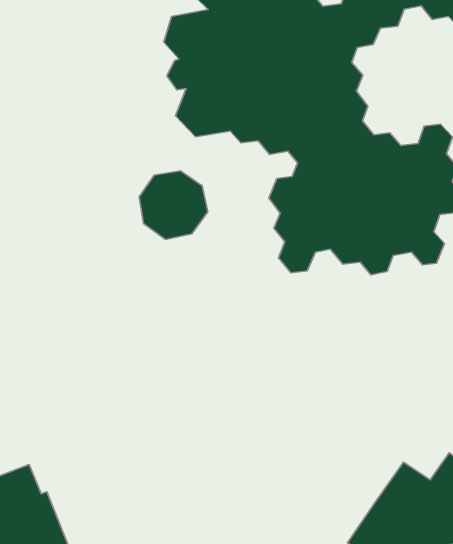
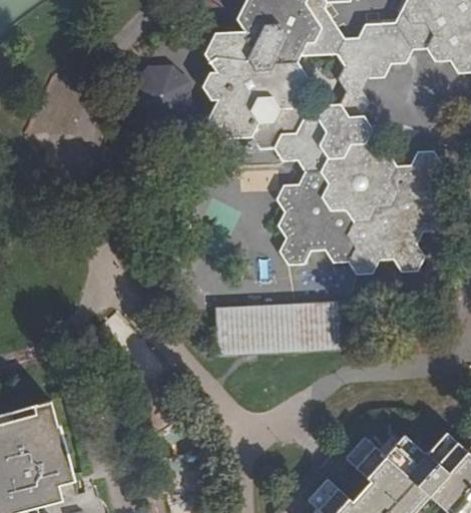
building: [139,171,208,239] -> [134,64,191,121]
building: none -> [211,300,343,359]

